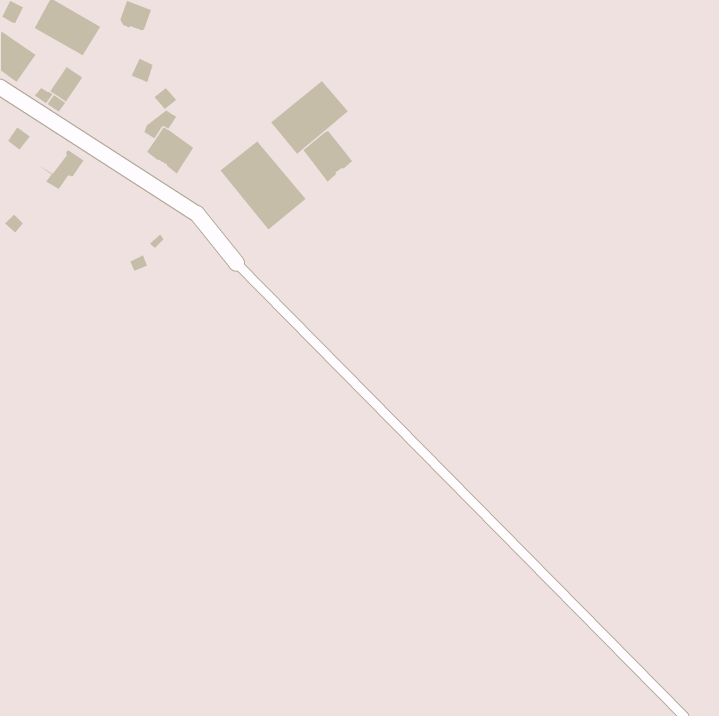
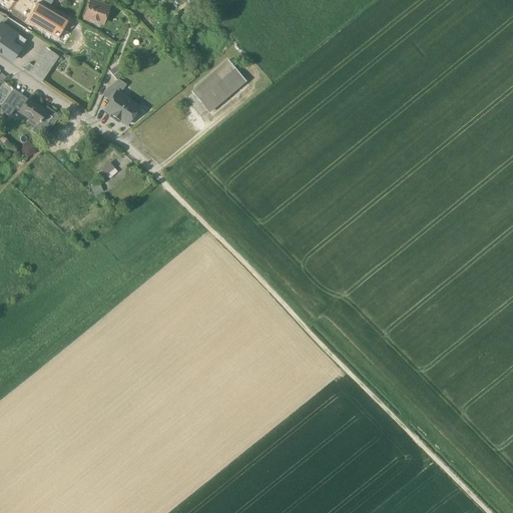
building: [303,130,353,183] -> none
building: none -> [19,97,47,123]
building: [220,141,307,231] -> none

